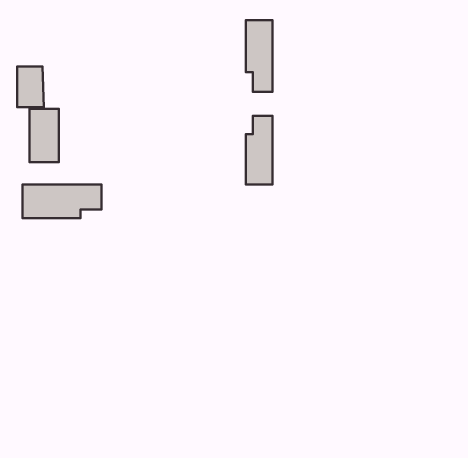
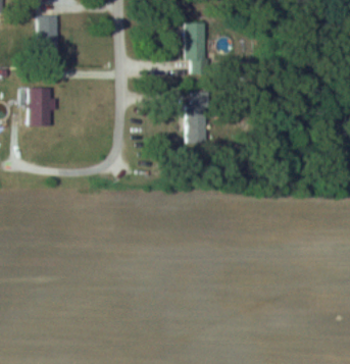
building: [17,67,44,107] -> [38,15,57,45]
building: [23,185,102,218] -> none

